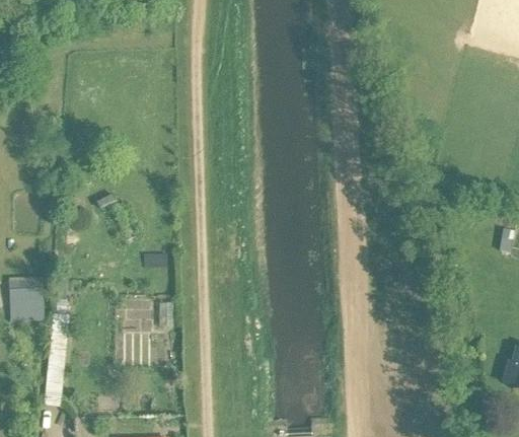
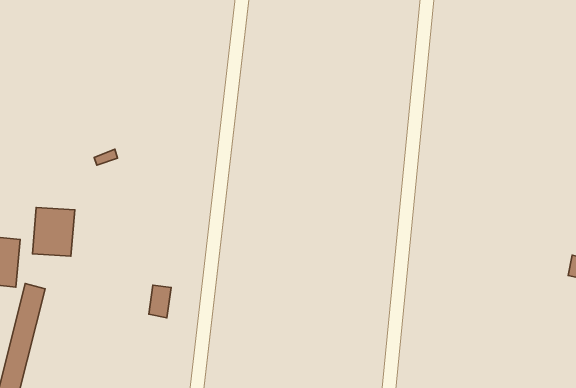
building: none -> [32,207,75,256]

